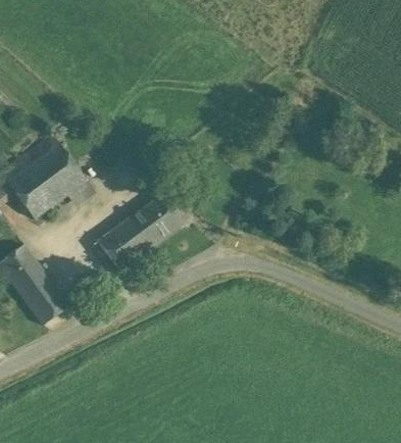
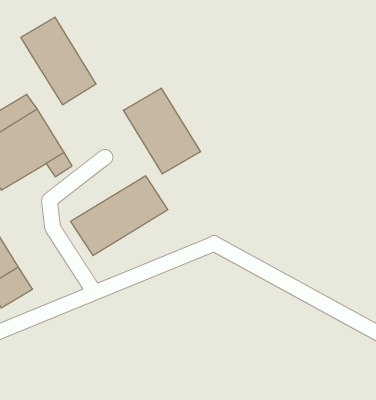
building: none -> [21,17,96,105]
building: none -> [123,88,200,174]

